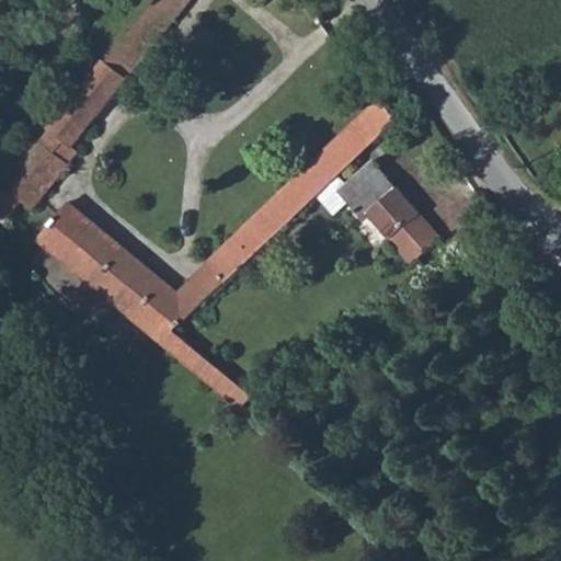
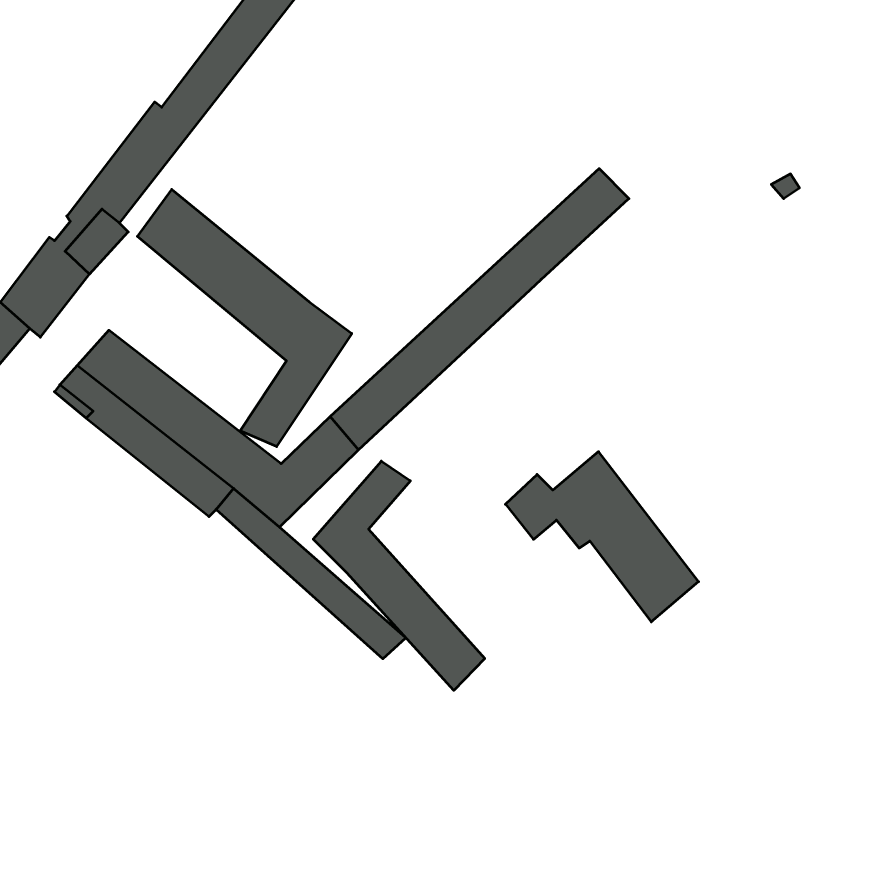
building: none -> [137,189,352,447]
building: [318,160,438,266] -> [505,452,699,622]
building: none -> [313,461,485,690]

